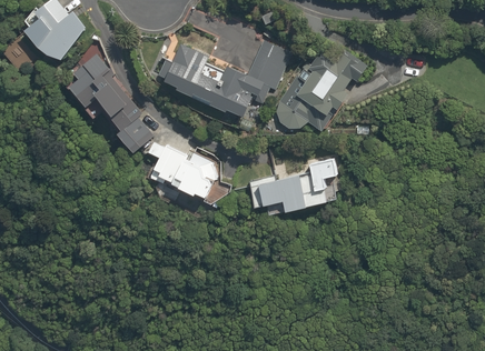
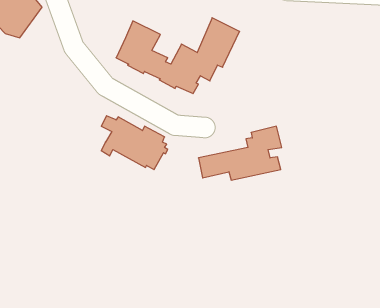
building: [276,48,364,130] -> none
building: [67,53,150,150] -> none

